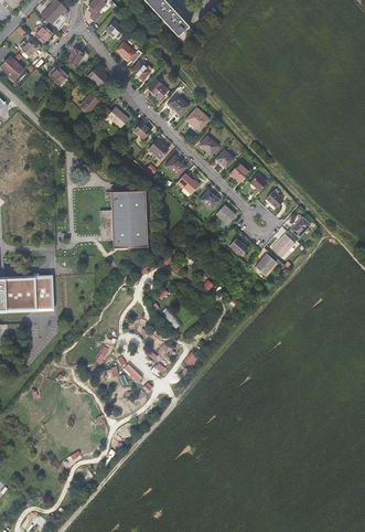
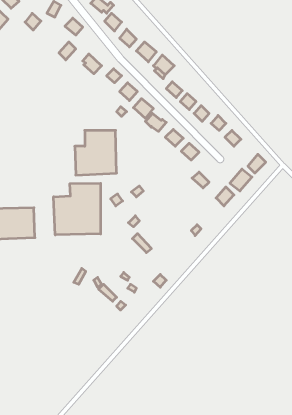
building: none -> [54,183,101,235]

